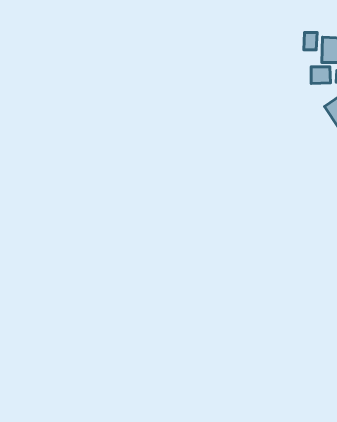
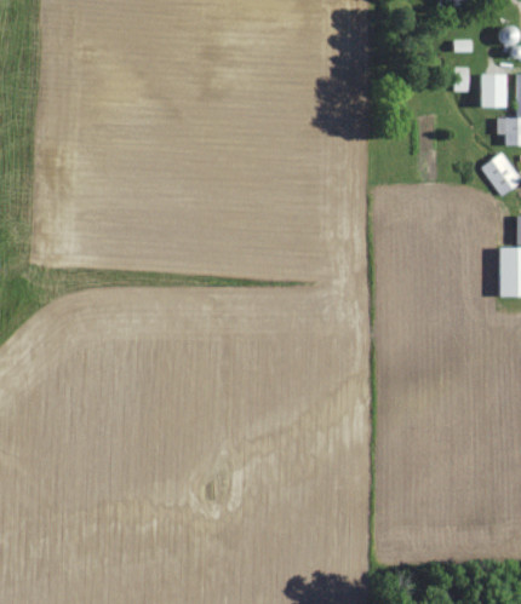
building: [311,67,331,83] -> none

